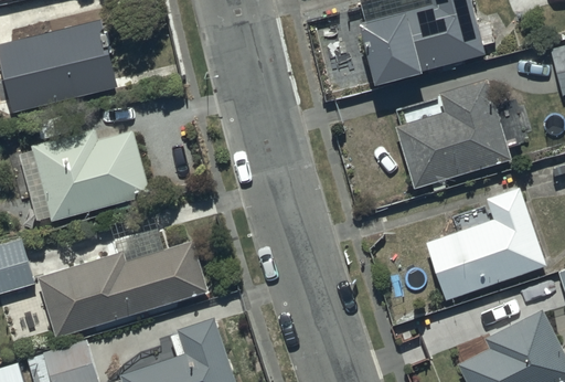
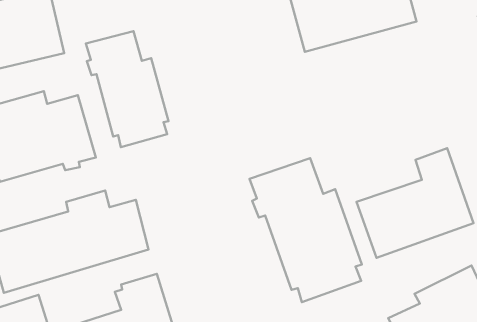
building: none -> [86,31,169,147]
building: [394,78,512,189] -> none
building: none -> [249,158,362,302]

